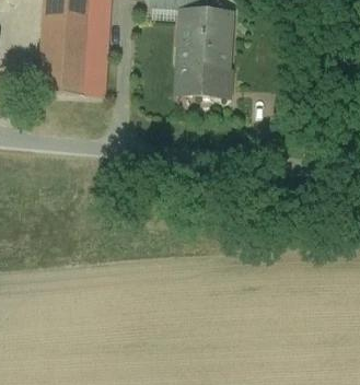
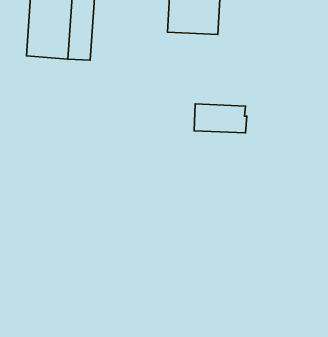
building: [177,67,229,95] -> [194,104,247,133]

